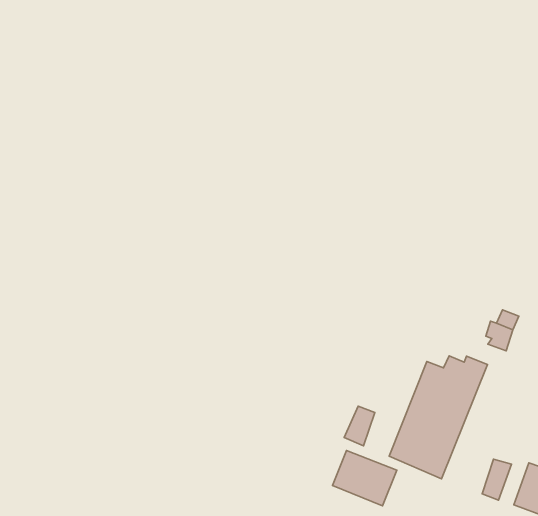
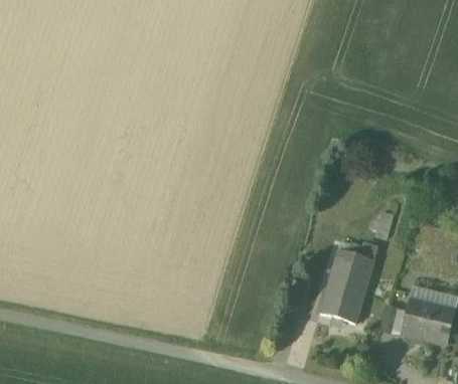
building: [333,451,397,506] -> none

